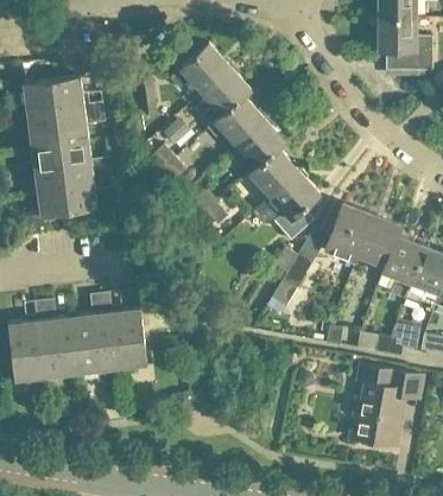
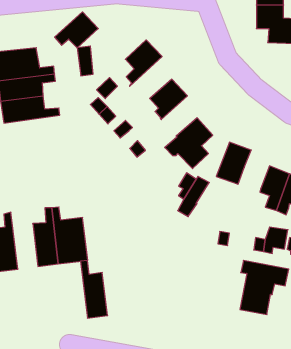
building: [170,43,229,91] -> [55,12,98,48]
building: [207,88,264,145] -> none
building: [249,141,298,196] -> none
building: [36,167,113,215] -> none
building: [354,215,400,267] -> none
building: [45,298,82,376] -> [80,260,108,318]

